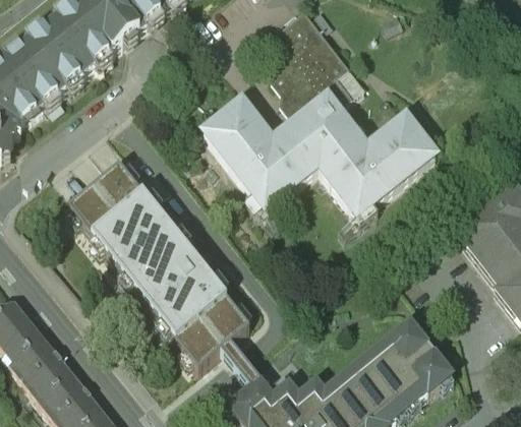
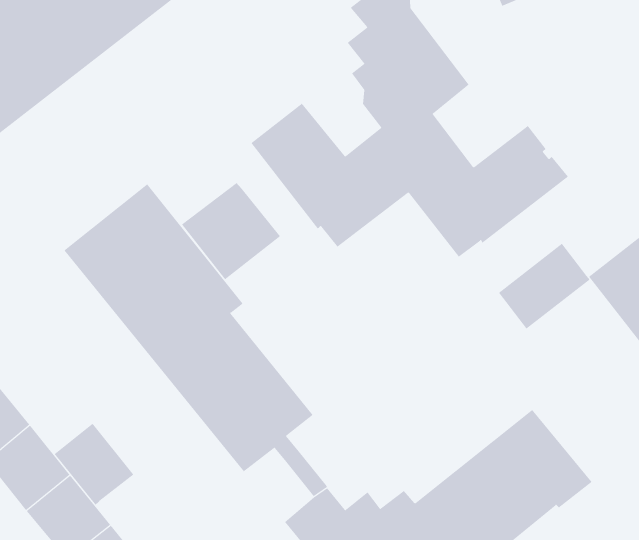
building: none -> [181,182,281,280]
building: none -> [498,243,590,329]
building: none -> [54,423,134,505]

